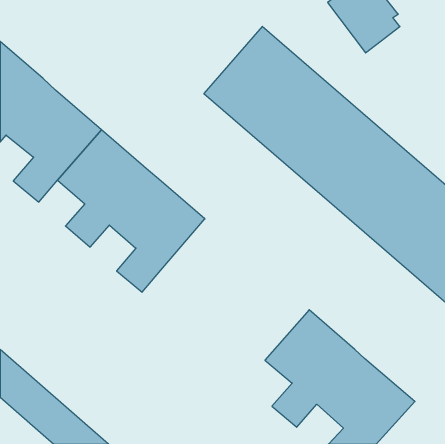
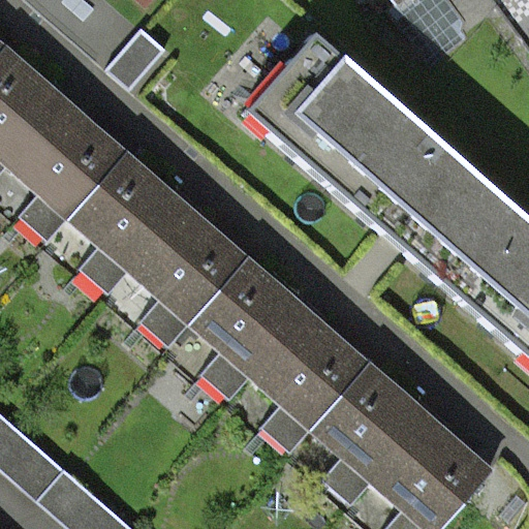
building: none -> [195,256,369,446]

